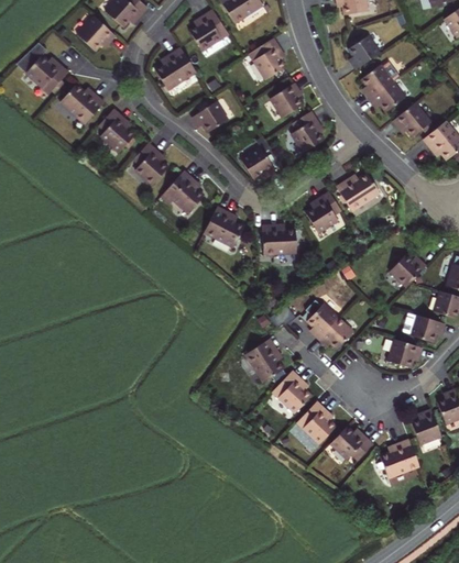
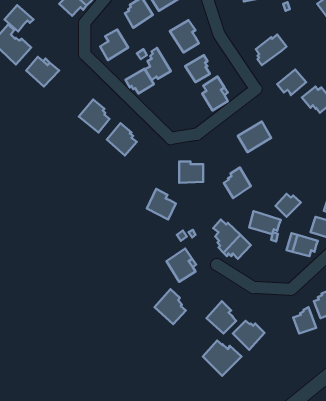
building: [80,19,118,53] -> [4,5,33,31]
building: [348,33,381,67] -> none
building: none -> [145,48,171,80]
building: [369,78,406,111] -> none
building: [91,117,131,158] -> none
building: [241,143,274,174] -> none
building: [308,189,343,229] -> [224,168,251,198]
building: [208,205,245,244] -> [147,189,176,220]
building: [379,338,419,367] -> [249,211,281,234]
building: [271,372,312,417] -> [154,289,186,324]
building: [379,441,418,479] -> none
building: none -> [203,340,242,376]

